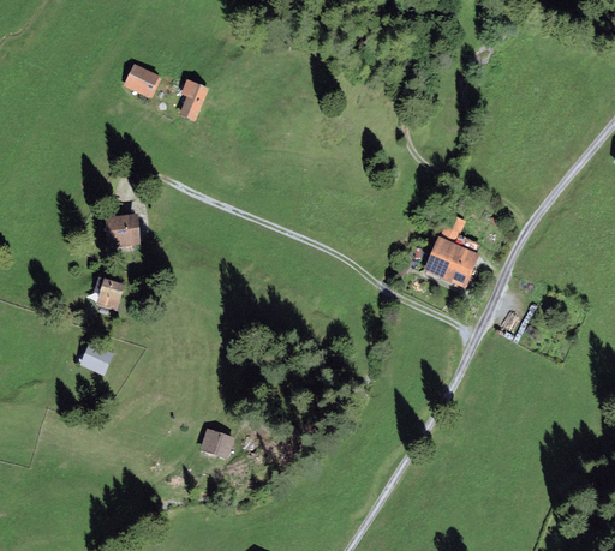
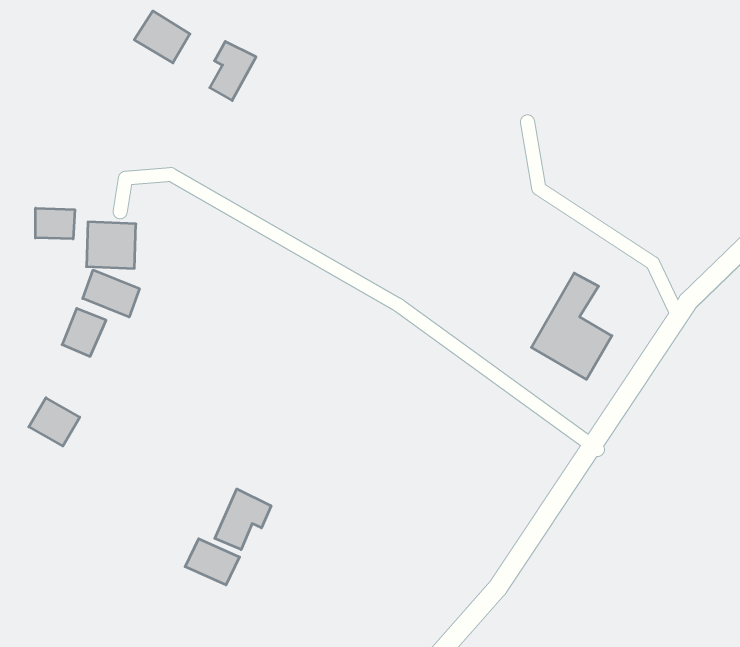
building: none -> [35,208,75,239]
building: none -> [83,270,139,317]
building: none -> [215,489,271,550]

